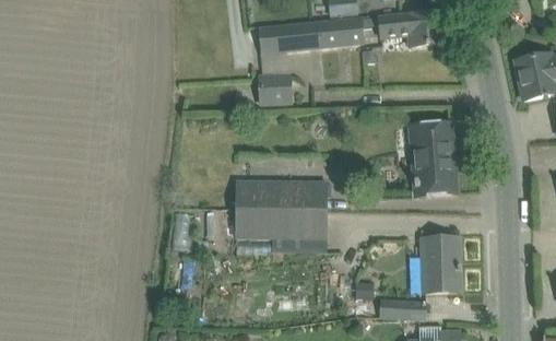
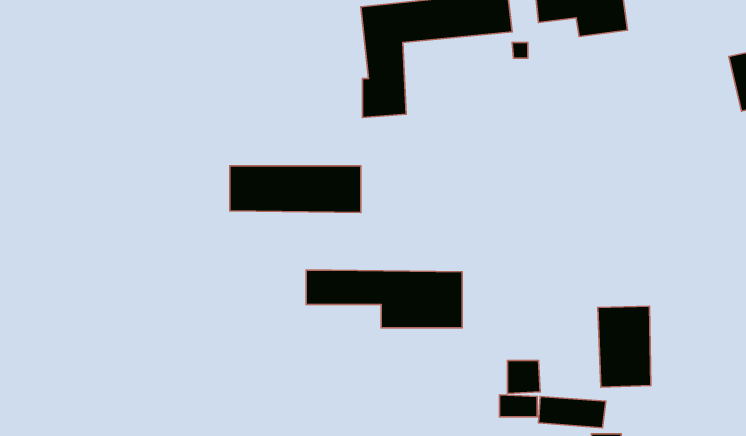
building: [412,122,453,196] -> none
building: [237,179,329,212] -> [230,166,361,212]

